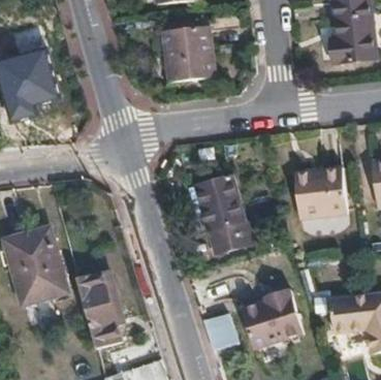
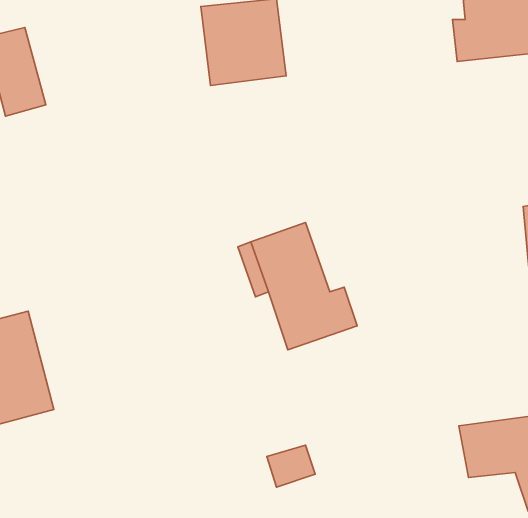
building: [289,166,342,219] -> none
building: [80,274,123,353] -> none
building: [236,290,299,350] -> none

